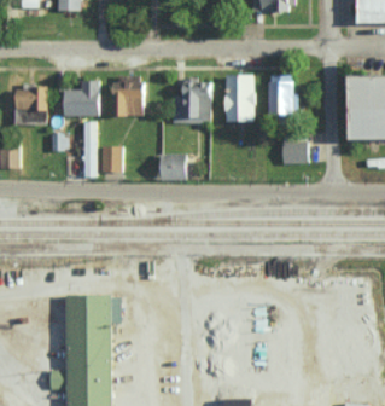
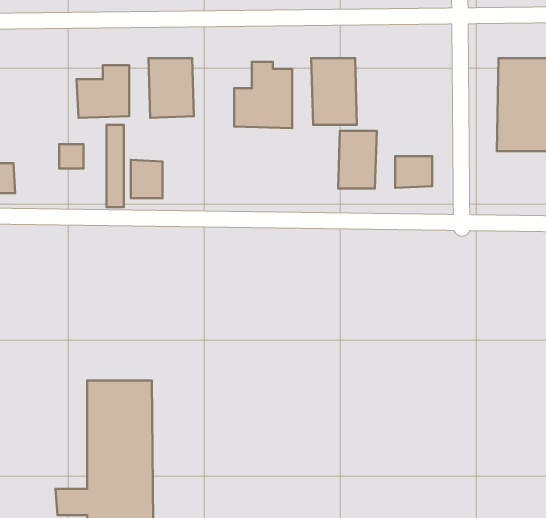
building: [266,75,292,115] -> [338,131,377,189]
building: [14,86,45,121] -> none
building: [159,152,185,180] -> none

